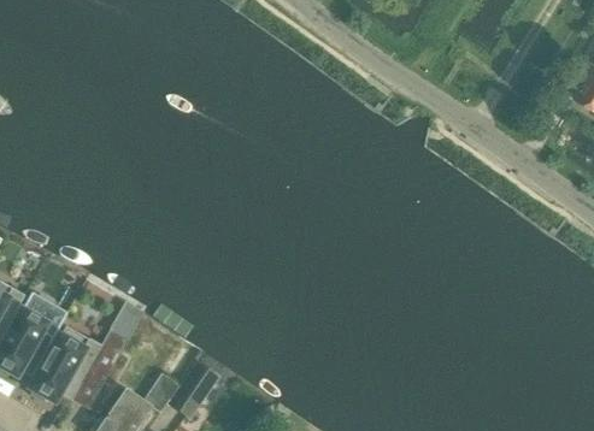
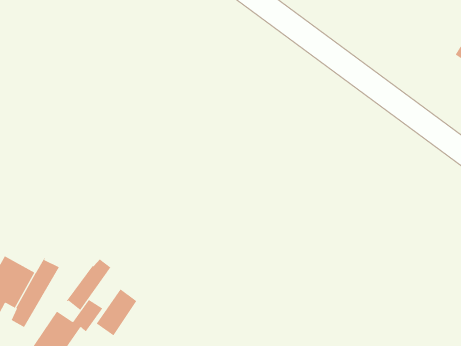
building: none -> [66,258,111,311]

